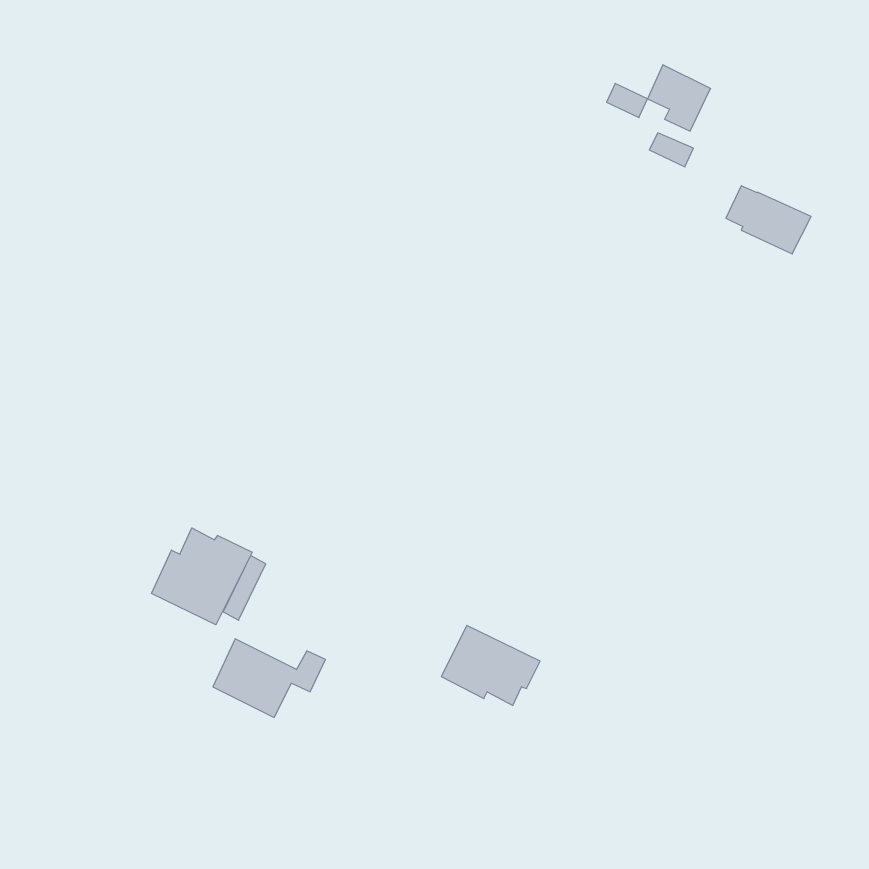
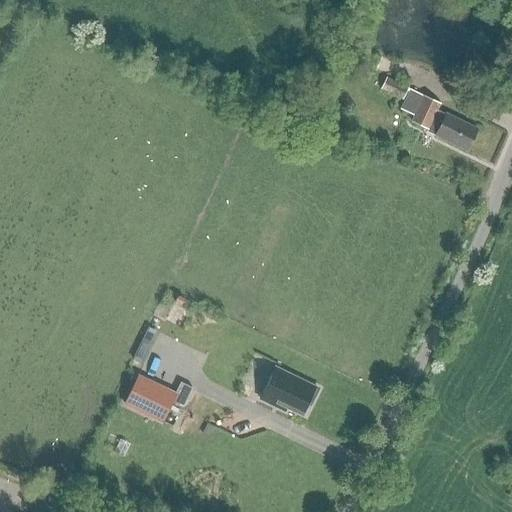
building: [647,65,711,131] -> [402,89,439,128]
building: [151,528,252,625] -> none

